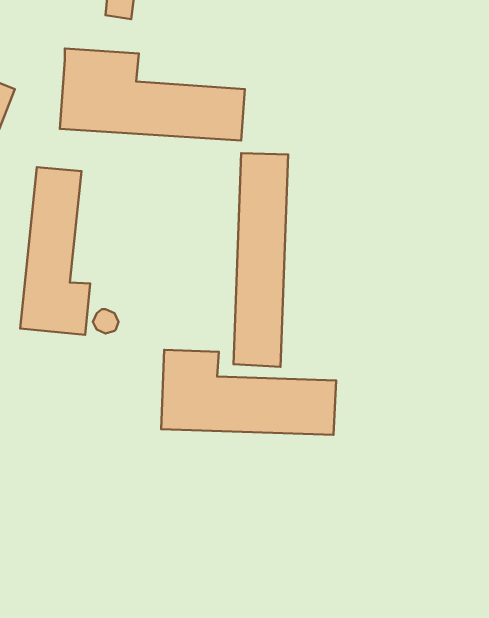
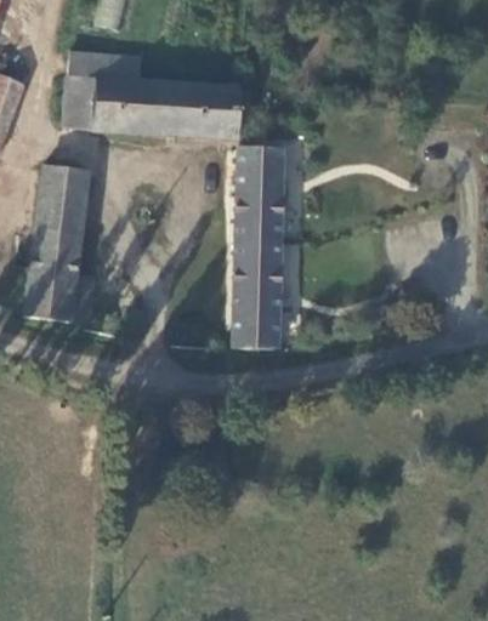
building: [161,350,336,435] -> none

